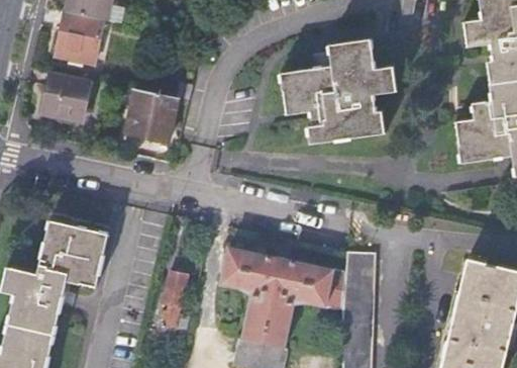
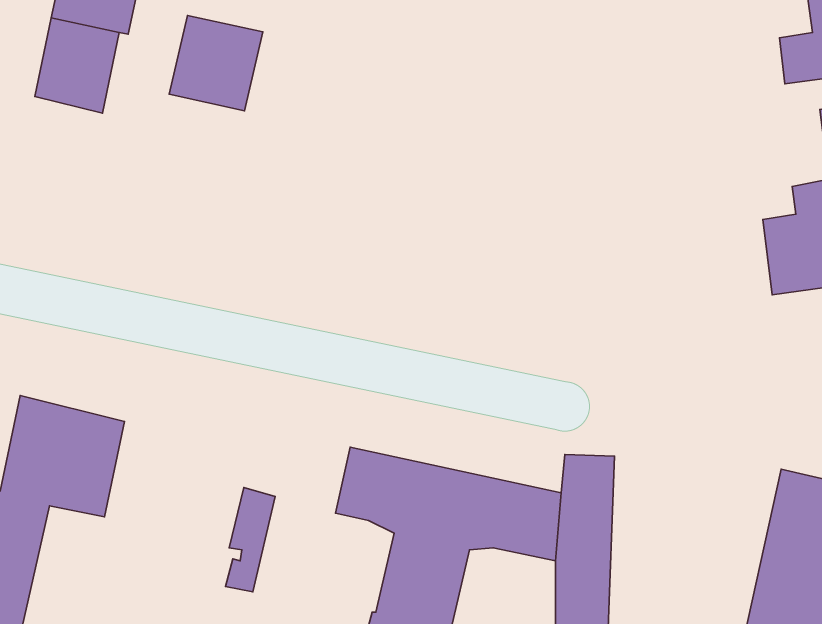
building: [282,41,398,145] -> none
building: [42,71,91,120] -> none
building: [126,89,178,142] -> [169,15,263,111]

